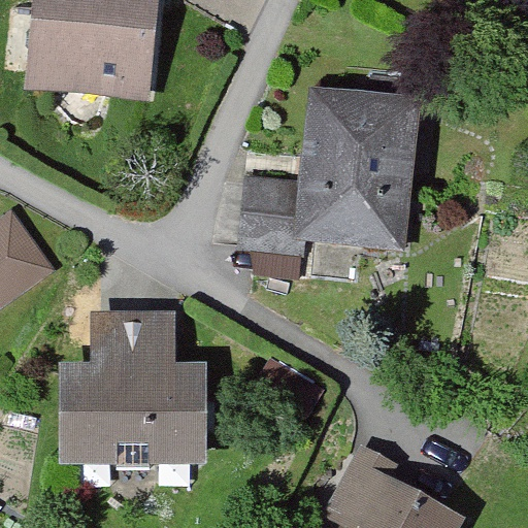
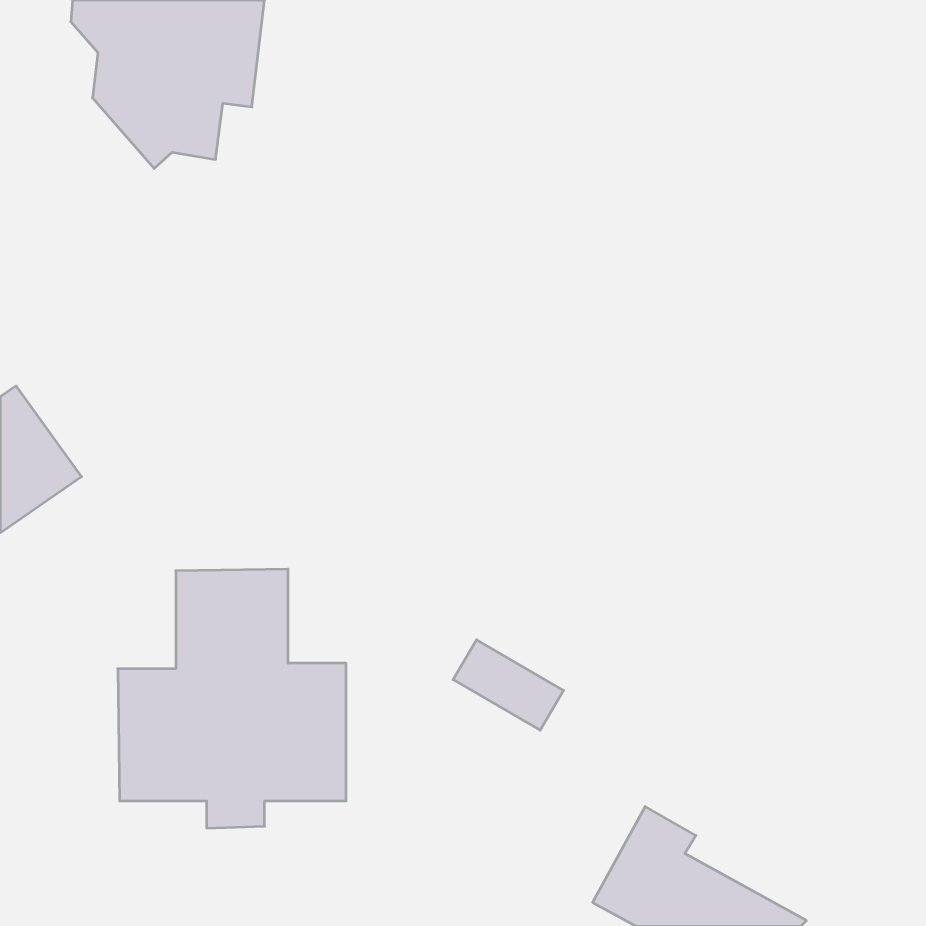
building: [244,76,412,253] -> none

